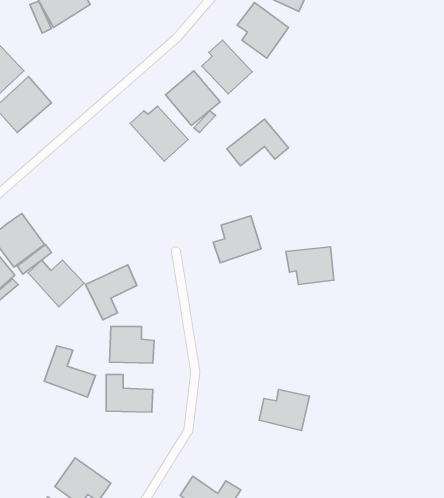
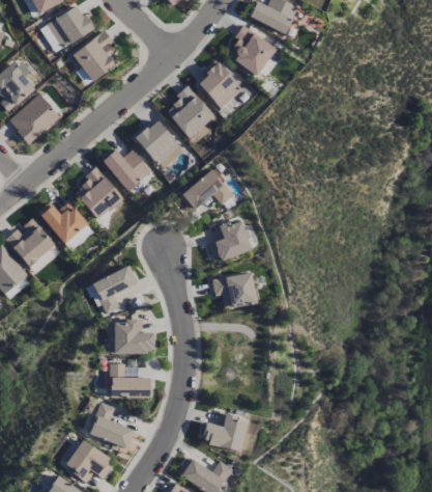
building: none -> [73,32,122,81]
building: [227,119,288,166] -> [179,169,235,212]
building: none -> [103,149,151,192]
building: none -> [75,166,123,220]
building: [286,247,334,285] -> [212,274,256,308]
building: [28,260,84,307] -> [37,201,88,244]
building: [44,346,96,397] -> [90,403,137,449]
building: [259,389,309,431] -> [202,414,248,452]

